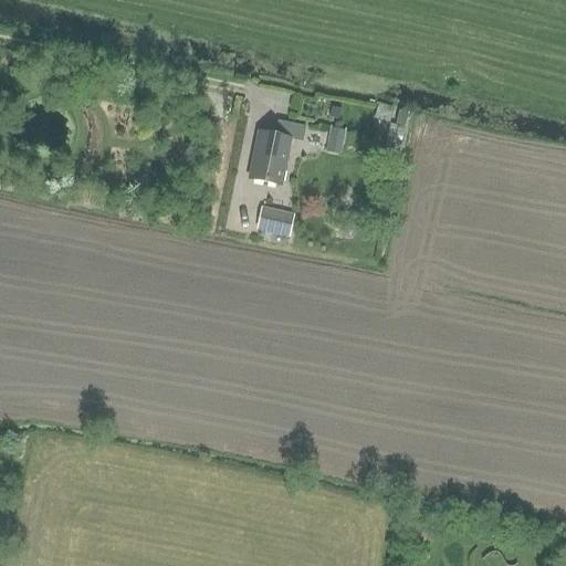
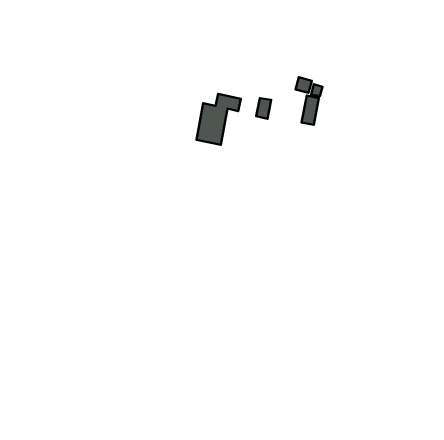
building: [256,203,294,234] -> none

